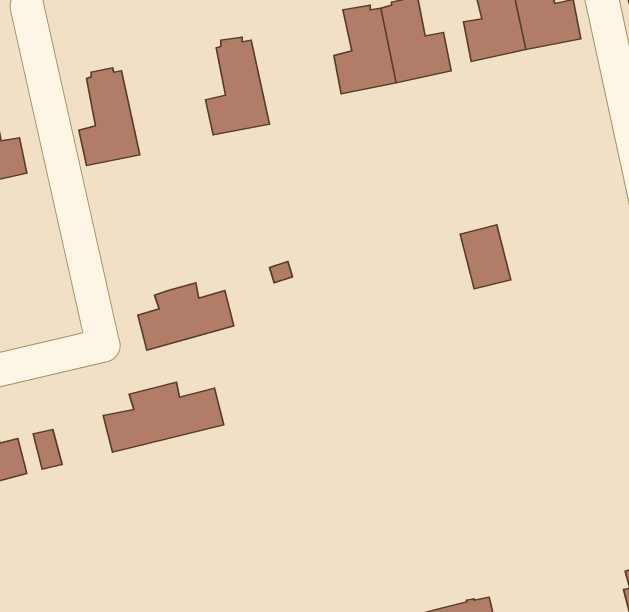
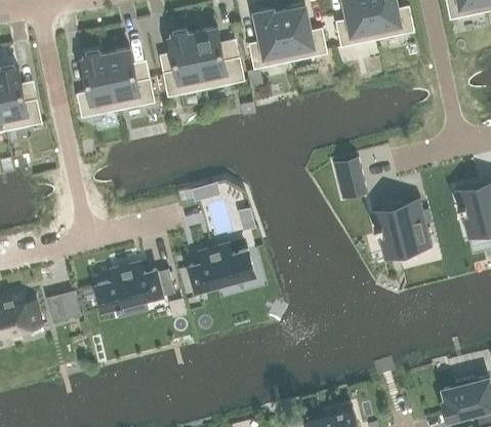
building: none -> [193,28,245,89]
building: none -> [106,48,155,110]
building: [138,283,234,350] -> [190,244,254,289]
building: none -> [372,197,433,256]

